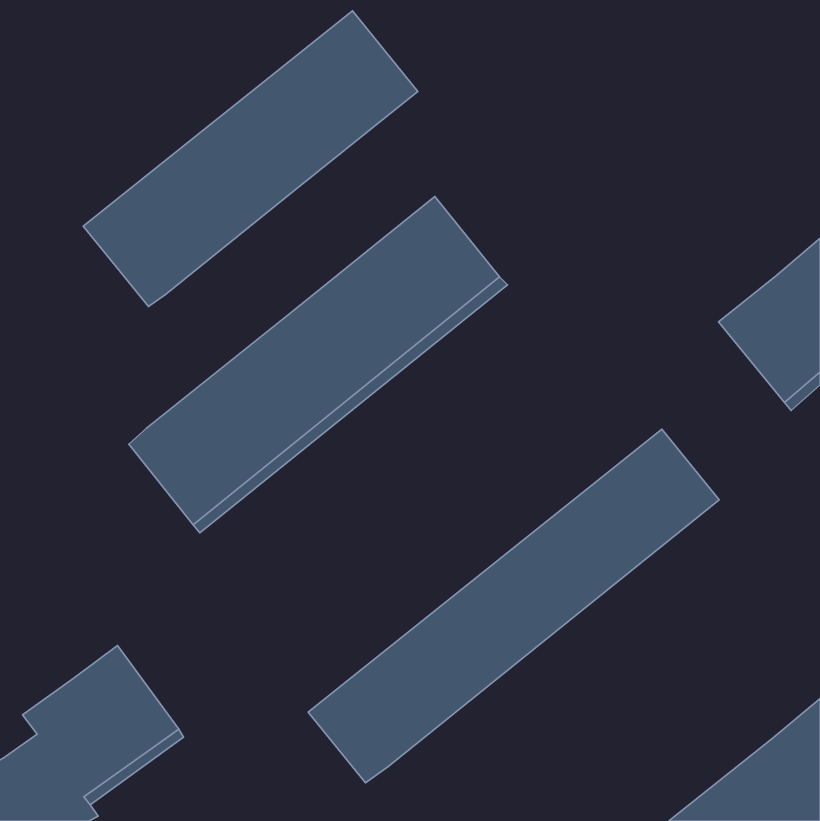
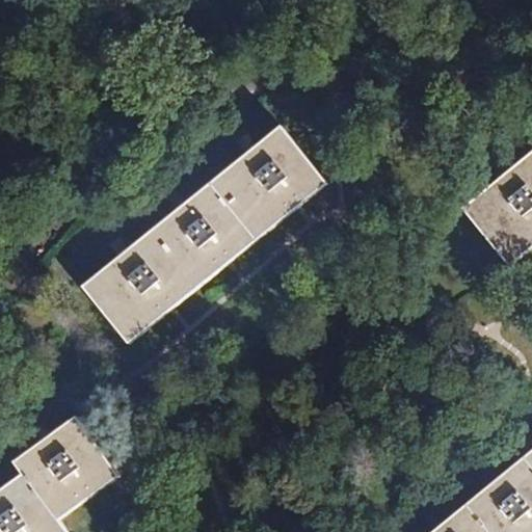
building: [83,11,418,307] -> none
building: [308,429,719,783] -> none

